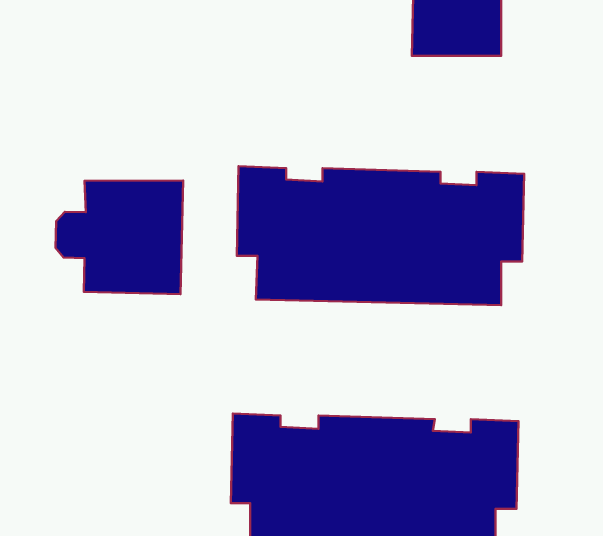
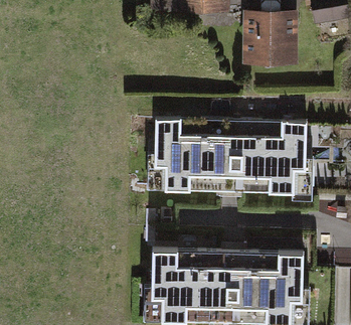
building: [55,181,183,294] -> none

